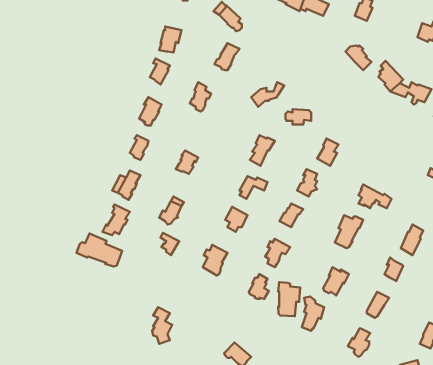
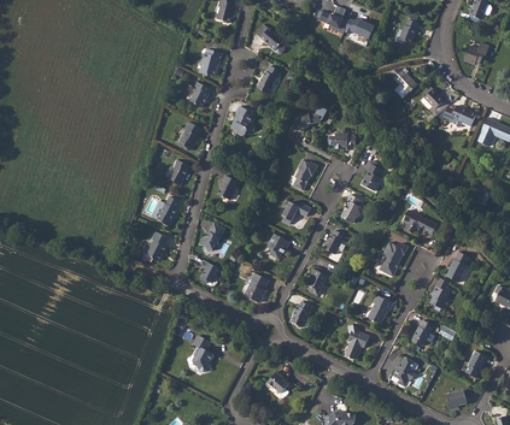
building: [76,234,122,266] -> none
building: [278,282,300,316] -> none

